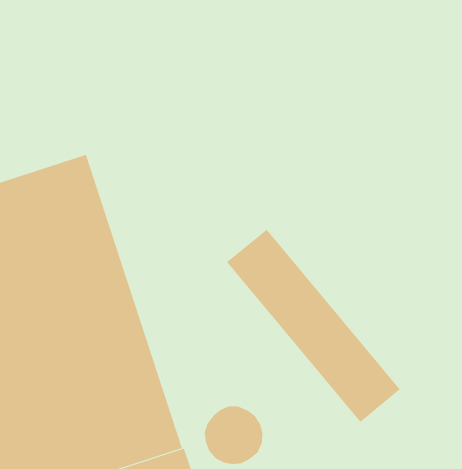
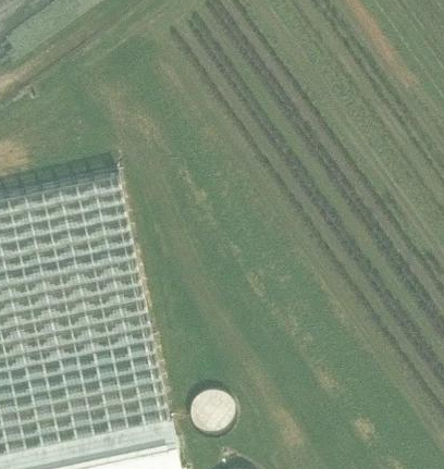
building: [226,228,400,423] -> none

